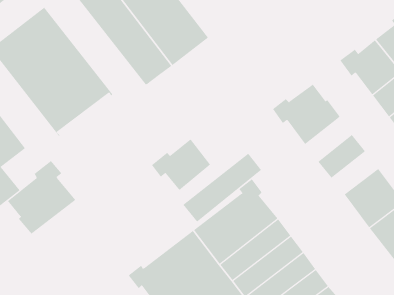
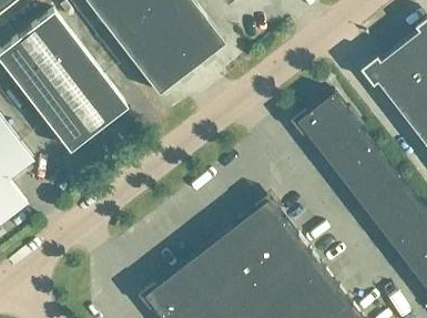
building: none -> [326,127,376,174]
building: [151,139,211,191] -> none
building: none -> [354,163,404,208]
building: [182,153,262,222] -> none
building: [7,160,76,235] -> none

